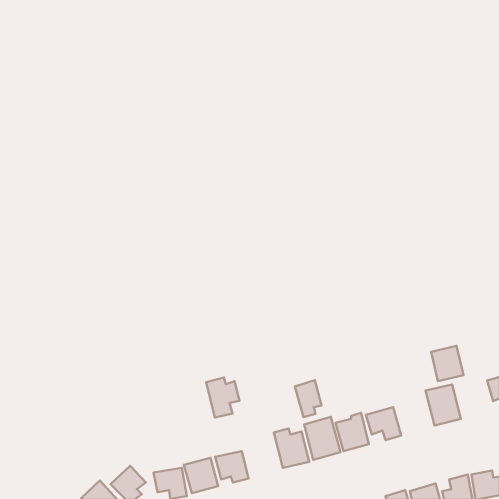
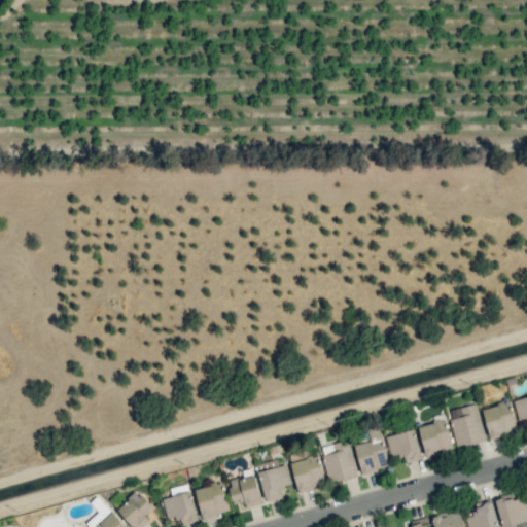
building: [431,346,463,381] -> [483,402,517,440]
building: [206,377,239,417] -> [257,460,292,502]
building: [295,380,322,417] -> none
building: none -> [419,420,454,457]

